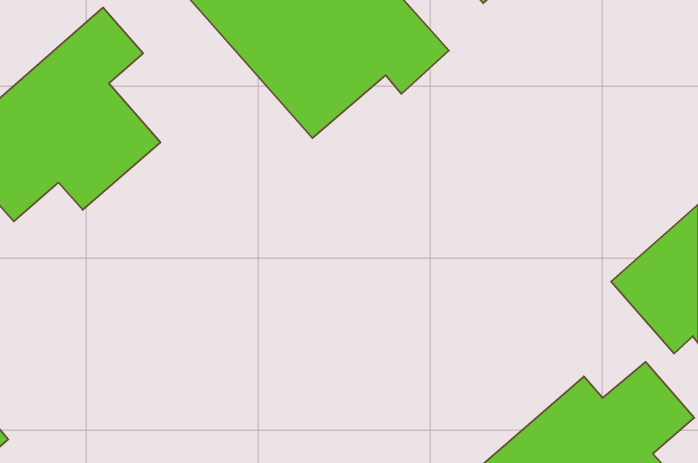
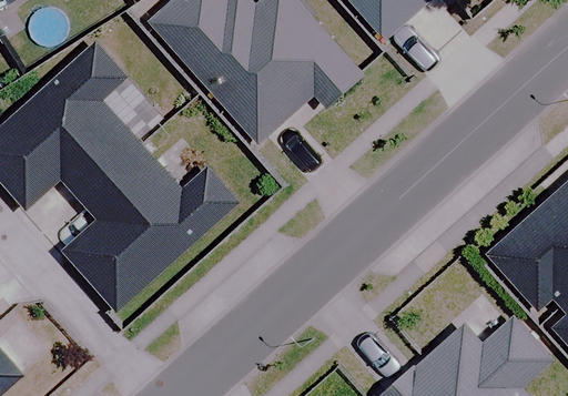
building: none -> [61,145,237,311]

